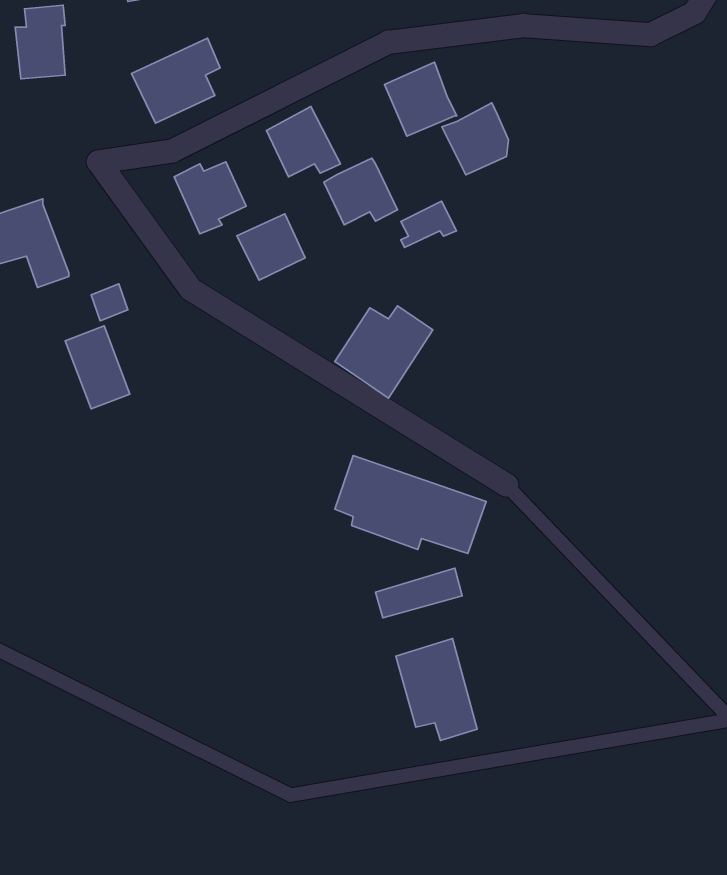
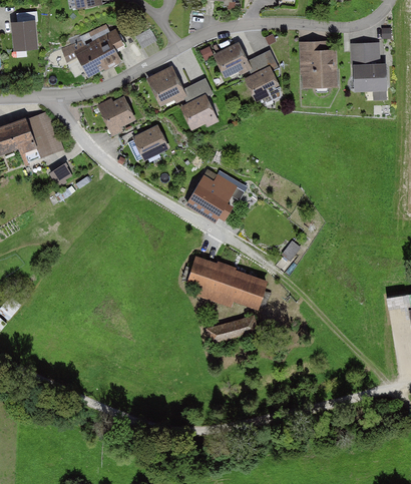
building: none -> [299,41,337,89]
building: none -> [350,41,385,91]
building: none -> [246,49,280,74]
building: [401,201,456,247] -> [183,78,214,103]
building: [65,326,130,409] -> [26,111,61,156]
building: [396,639,477,740] -> none

